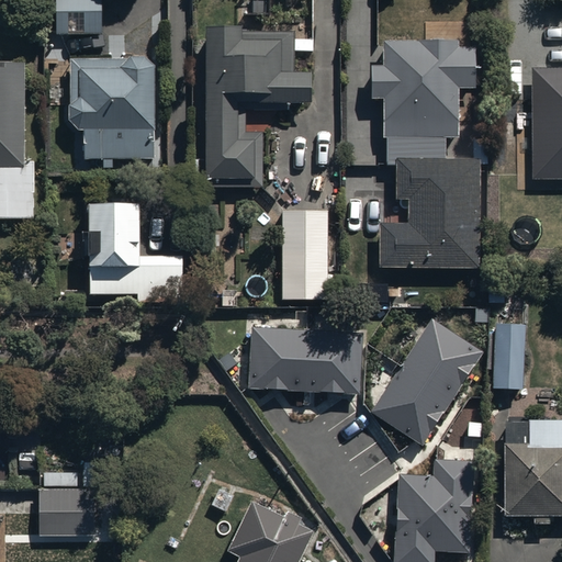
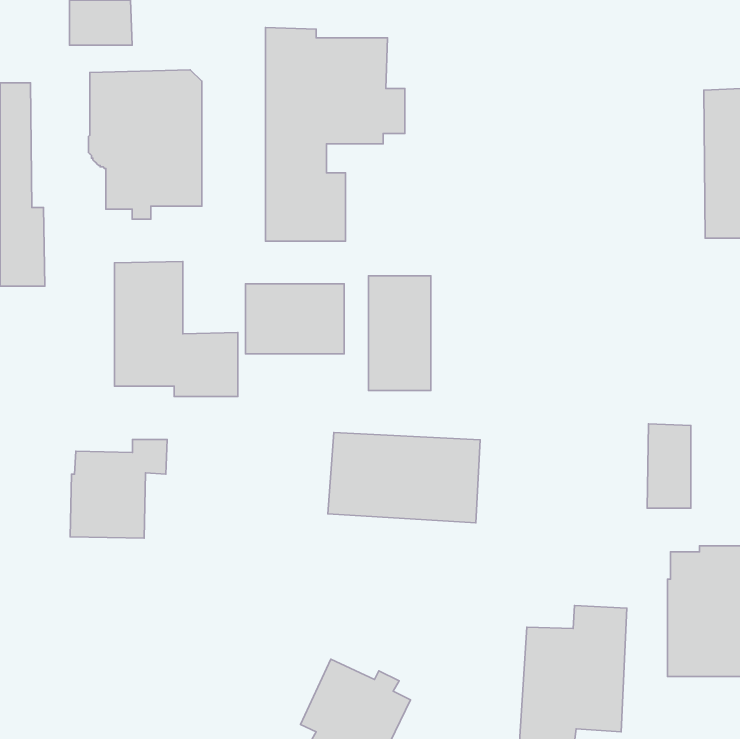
building: [373,40,481,263] -> none
building: none -> [246,284,344,354]
building: [372,321,485,448] -> none
building: [38,461,112,536] -> [70,439,167,538]

